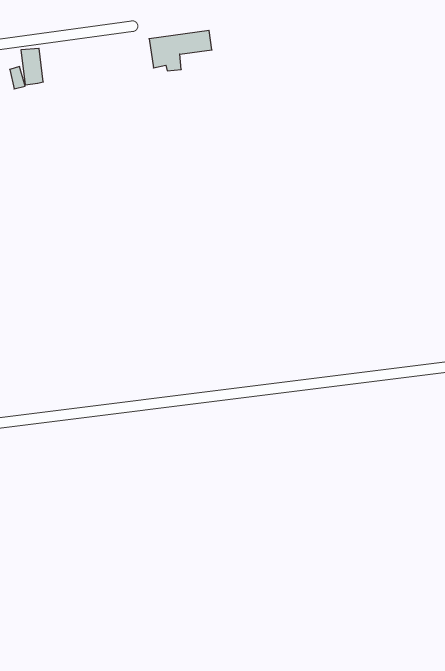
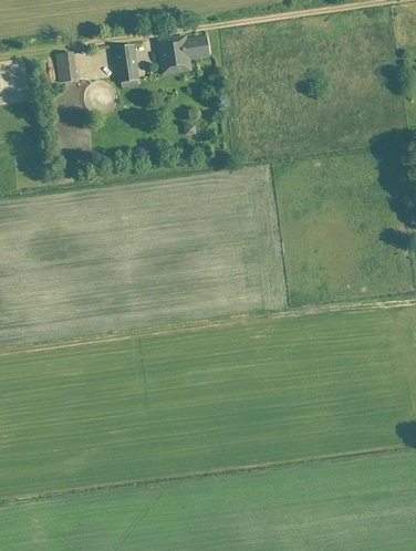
building: none -> [116,44,138,81]

